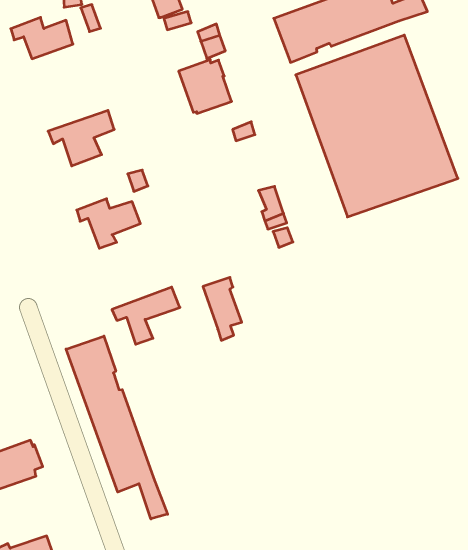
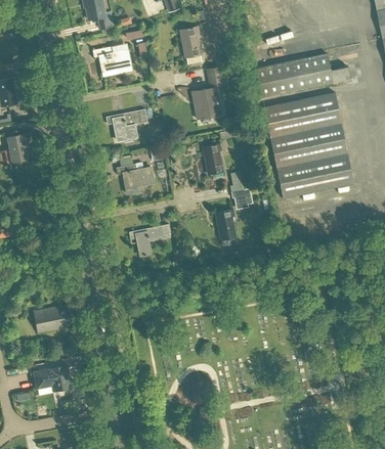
building: none -> [202,143,222,174]
building: [203,277,242,340] -> [215,209,236,246]
building: [66,336,168,519] -> none

